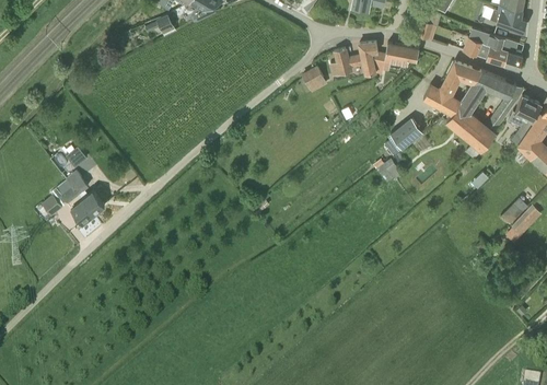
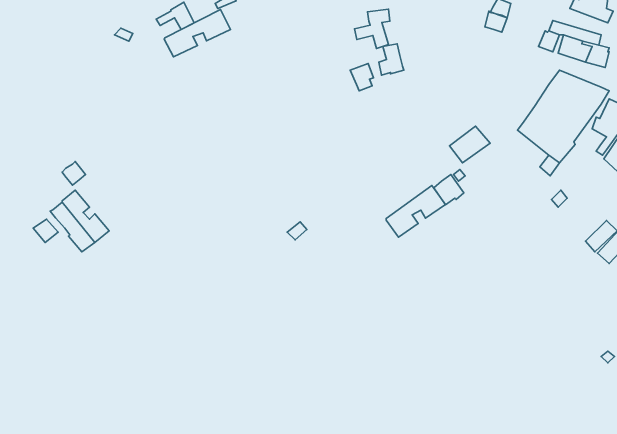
building: none -> [164,10,230,57]
building: [348,43,377,75] -> [354,9,390,49]
building: [384,44,419,63] -> none
building: [423,62,481,114] -> none
building: none -> [386,185,445,237]

